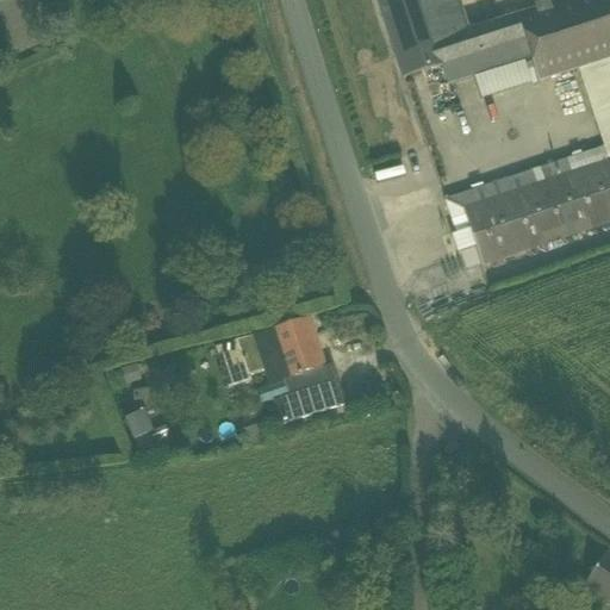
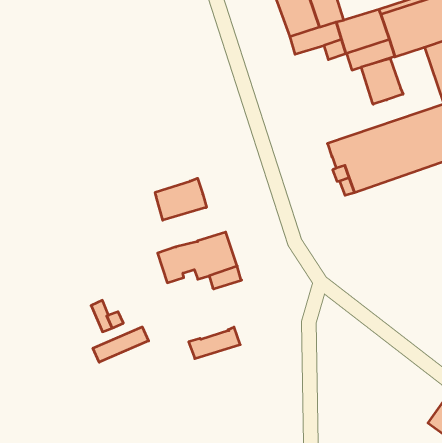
building: none -> [361,59,403,104]
building: none -> [155,178,207,220]
building: [281,376,351,419] -> [189,327,240,359]
building: none -> [93,327,149,362]

